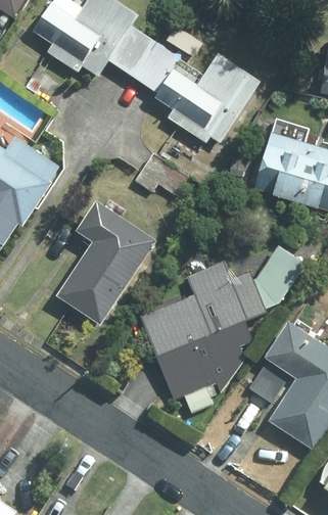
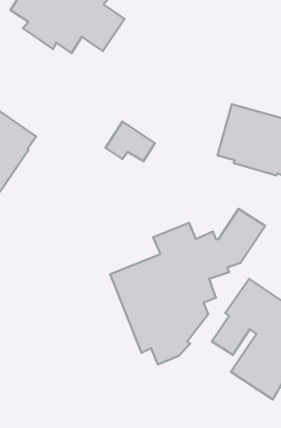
building: [131,40,260,142] -> none
building: [55,199,156,326] -> none

